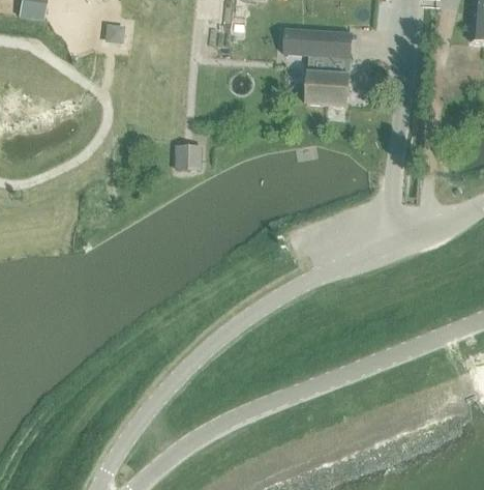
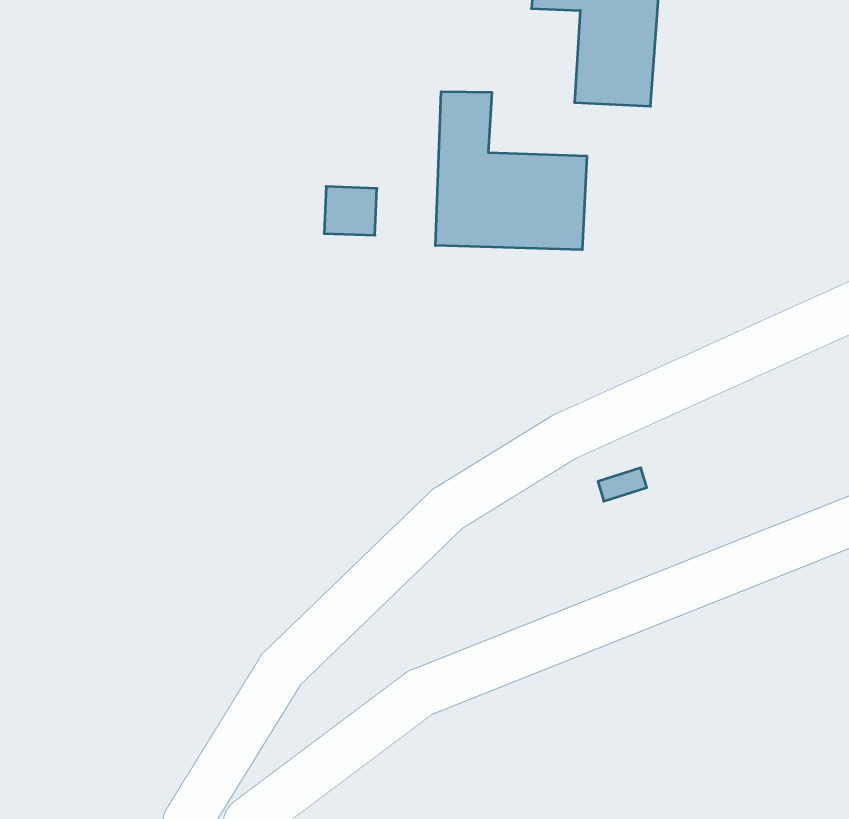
building: none -> [435,92,587,250]

